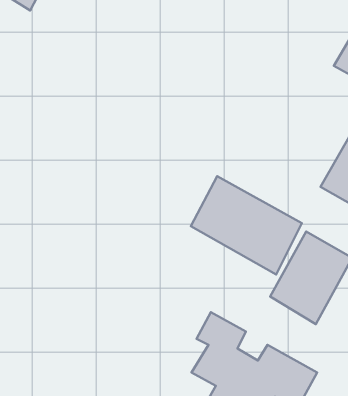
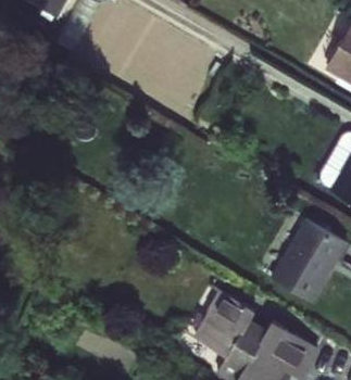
building: [191,176,302,274] -> none

